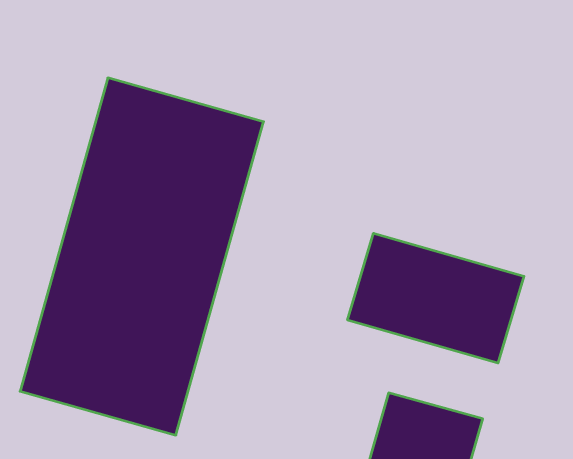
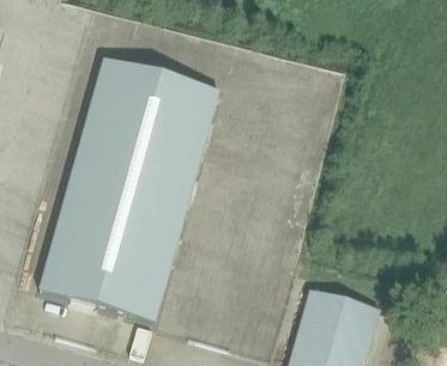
building: [348,233,524,363] -> none

